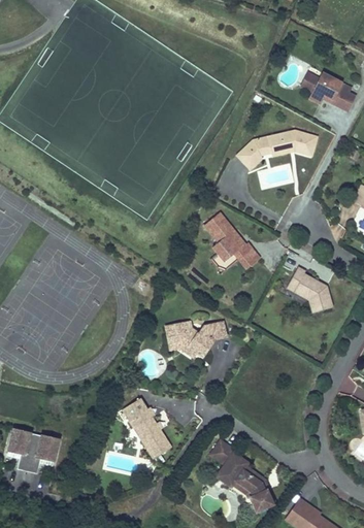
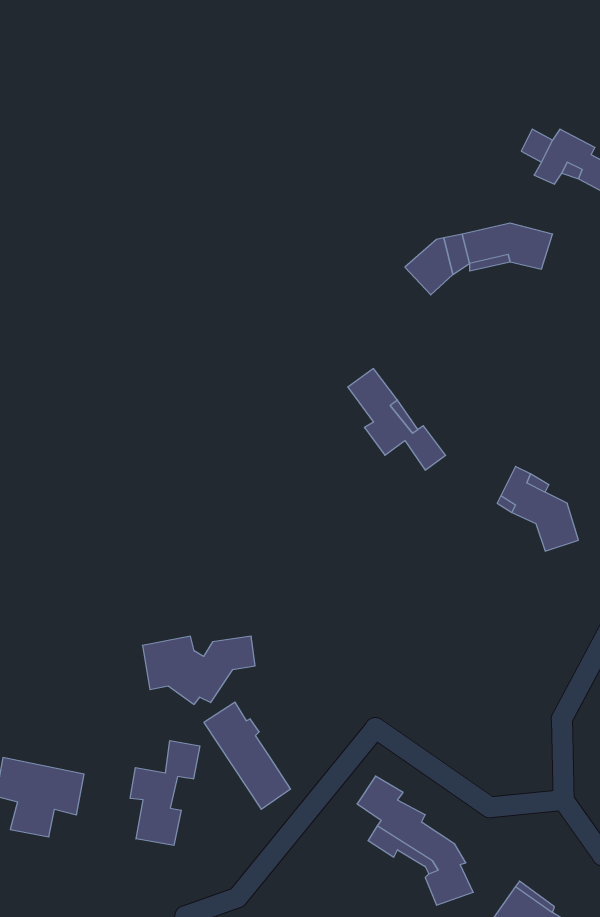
building: [164,320,227,358] -> [142,636,255,704]
building: none -> [130,741,200,845]

